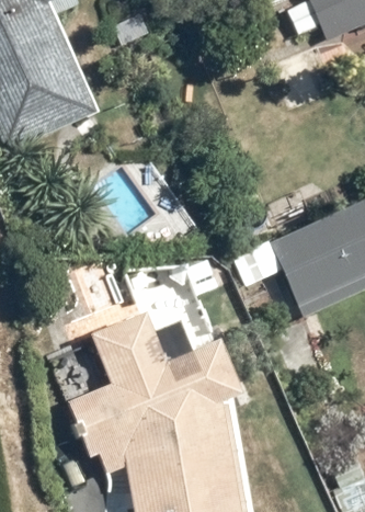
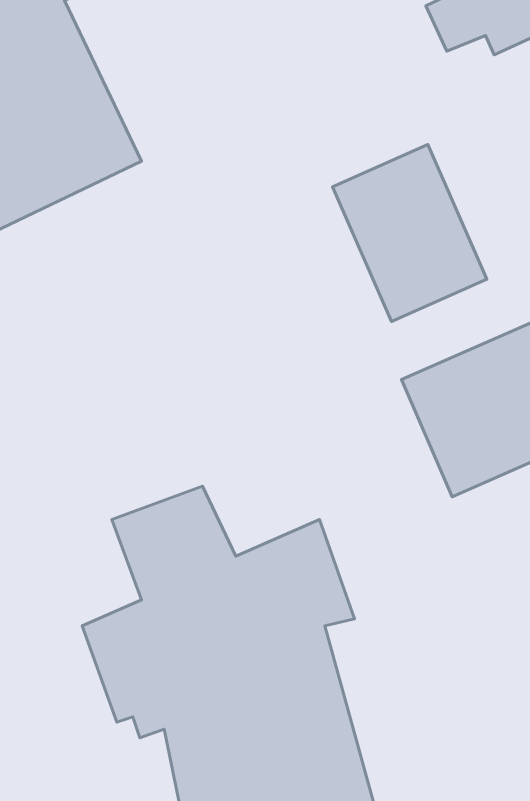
building: none -> [333,144,487,322]

